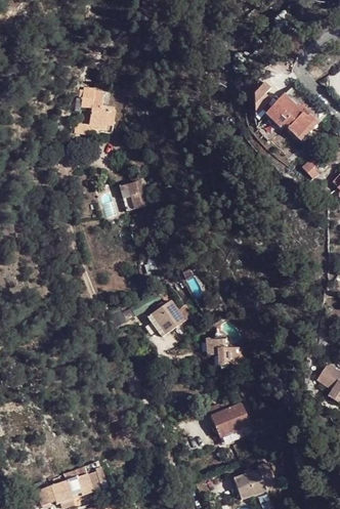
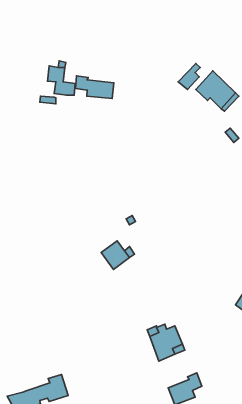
building: none -> [75,76,114,99]
building: [120,182,139,212] -> none
building: [205,336,239,365] -> none

